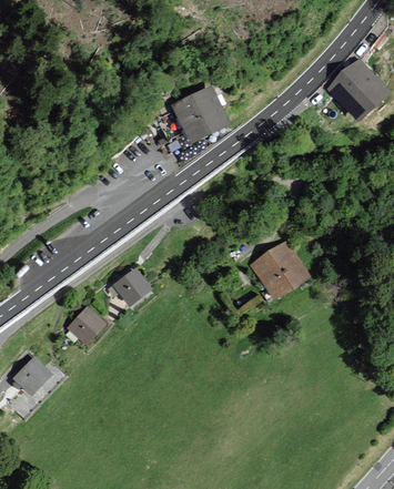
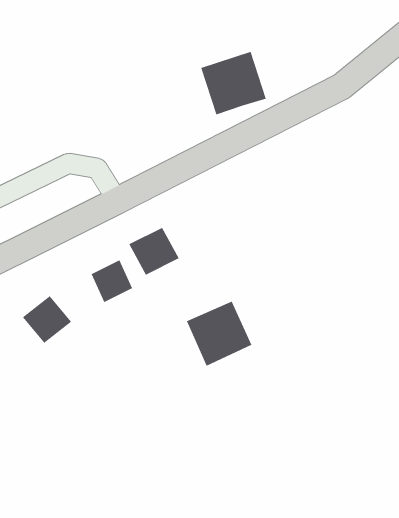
building: none -> [128,227,180,276]
building: [252,243,307,298] -> [186,300,253,367]

